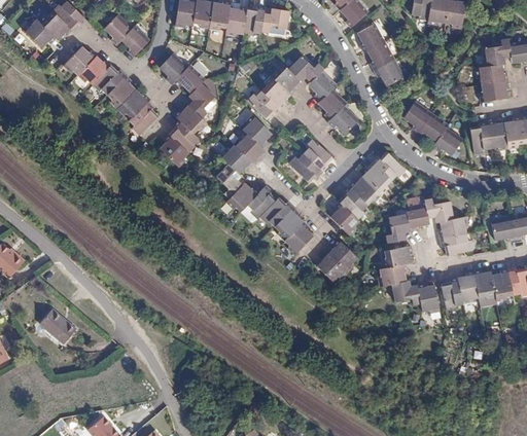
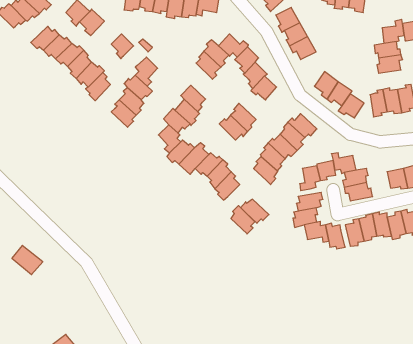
building: [174,66,203,93] -> none
building: [247,89,281,119] -> none
building: [329,238,358,271] -> [231,206,255,234]

